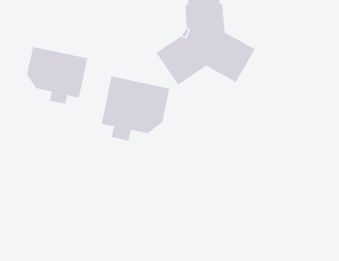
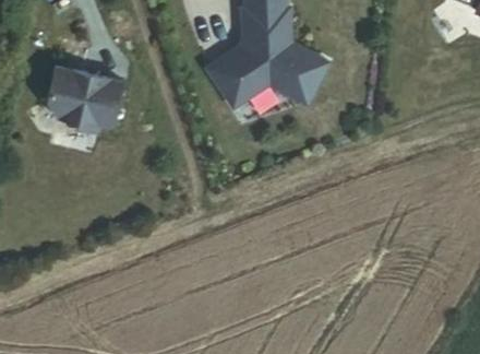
building: [101,76,170,141] -> none

